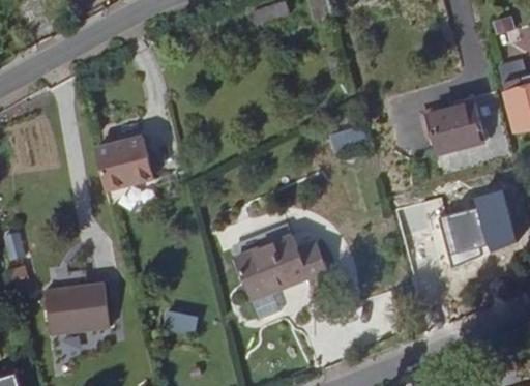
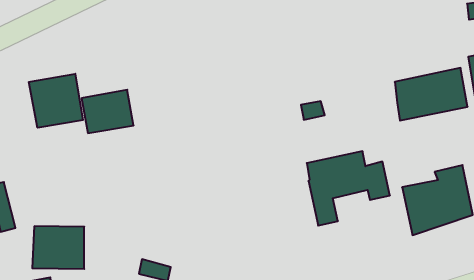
building: none -> [29,74,83,128]
building: [230,231,320,313] -> [307,151,390,226]

